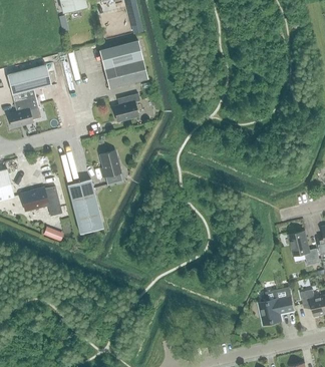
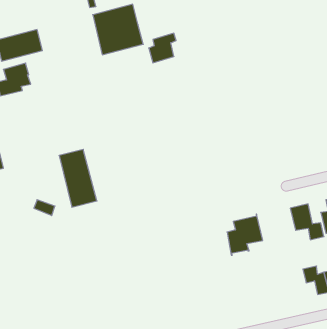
building: [113,93,139,121] -> [149,33,176,63]
building: [100,150,122,185] -> none
building: [20,187,62,216] -> none
building: [260,286,294,325] -> [227,214,263,255]

